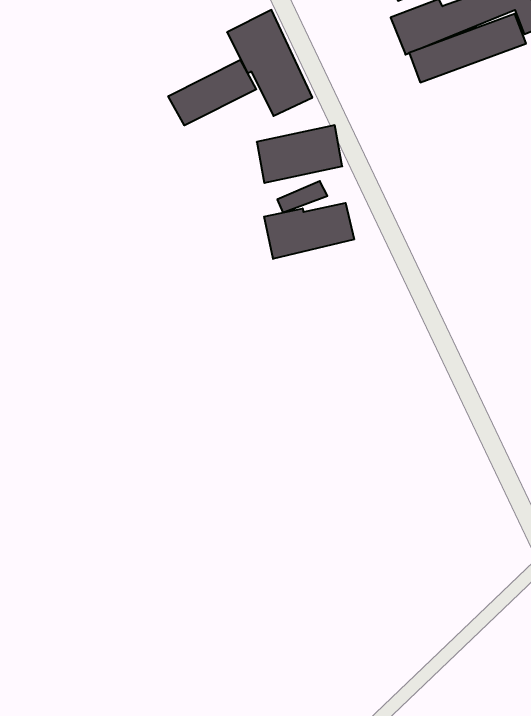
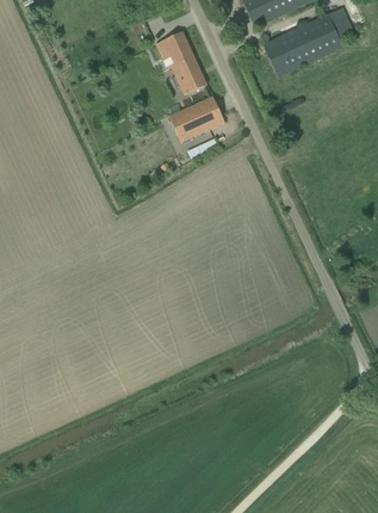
building: [168,60,256,125] -> none
building: [264,203,354,259] -> none

